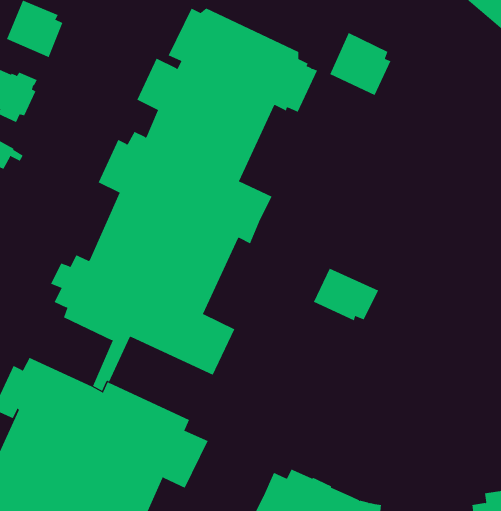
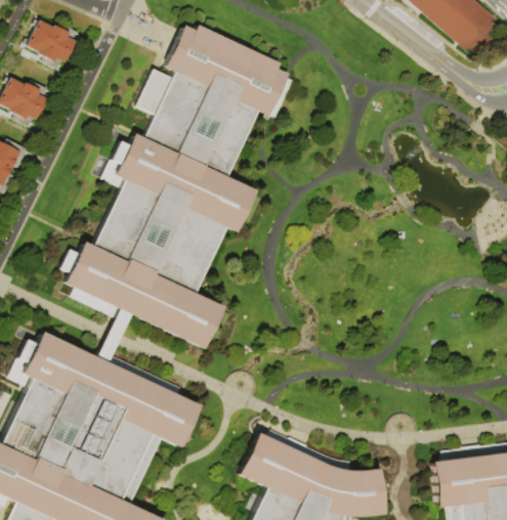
building: [330,32,391,96] -> none
building: [313,268,379,321] -> none

